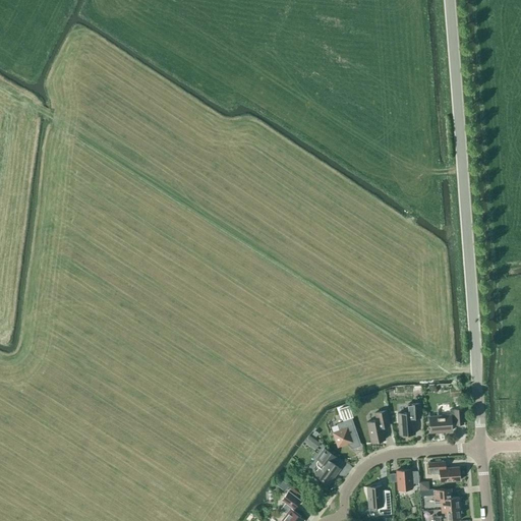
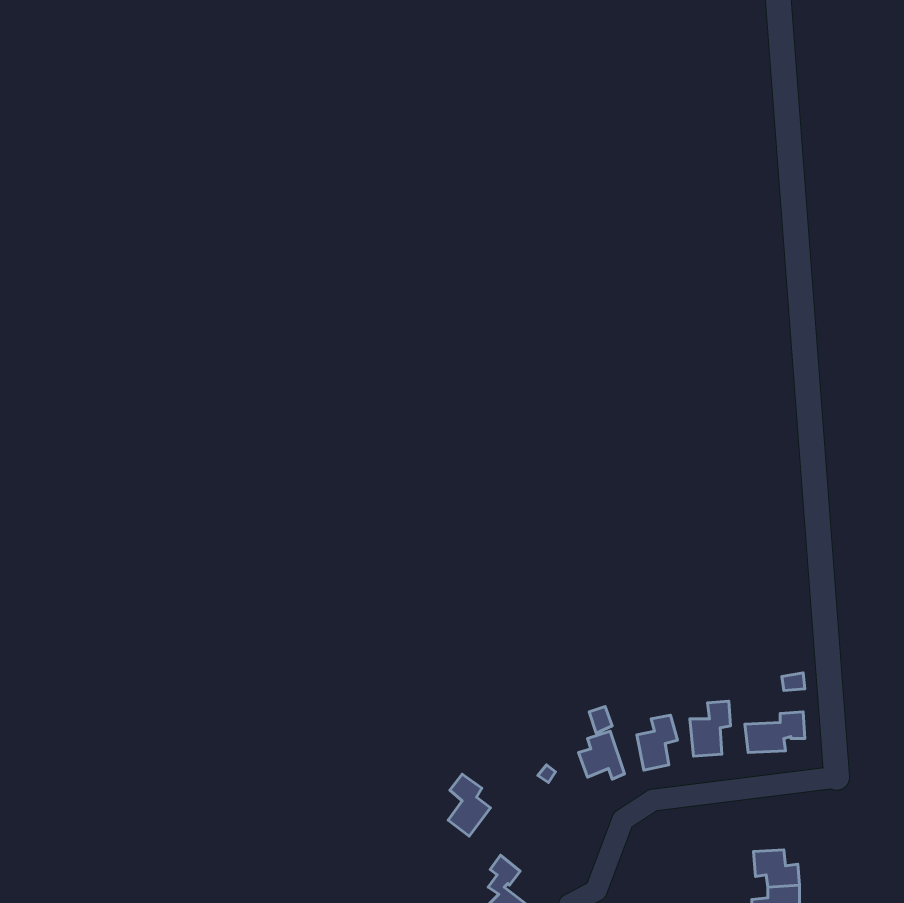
building: [315,450,340,485] -> [448,774,491,836]
building: [428,463,459,483] -> none
building: [396,470,418,490] -> none
building: [366,486,391,516] -> none

